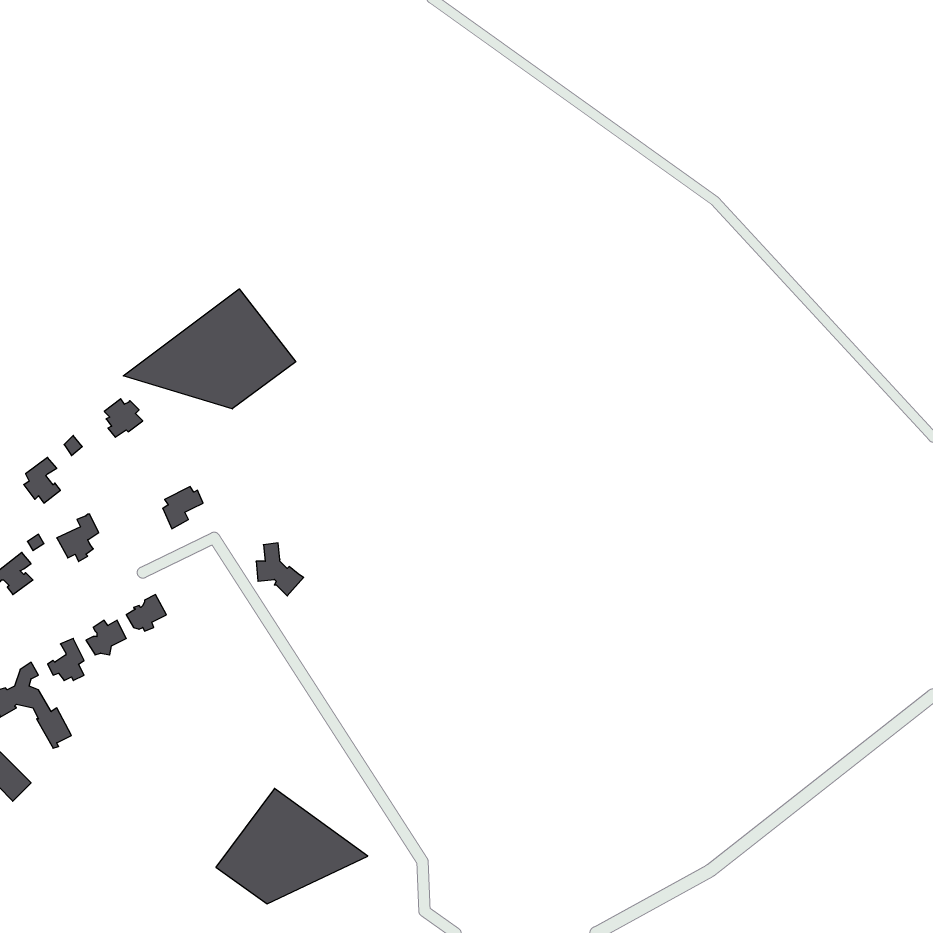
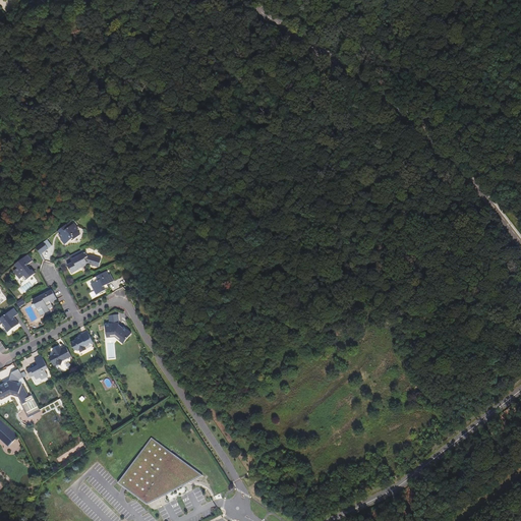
building: [123,289,296,409] -> none
building: none -> [66,248,101,273]
building: [256,543,304,596] -> [105,313,131,343]

